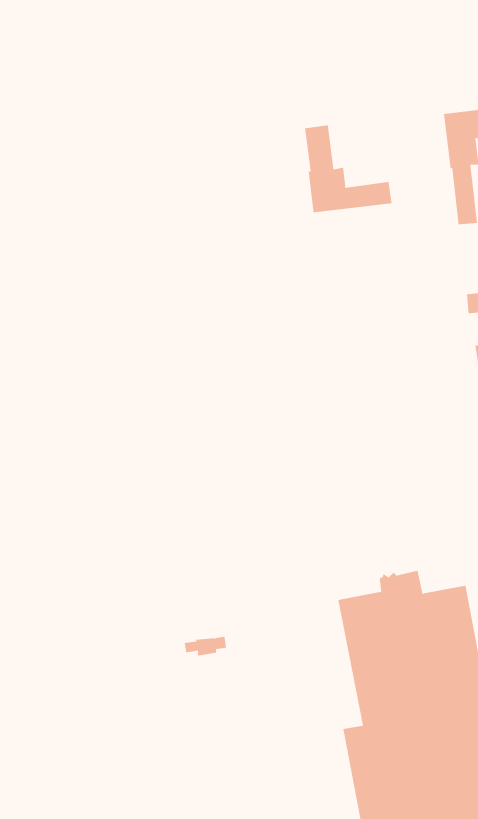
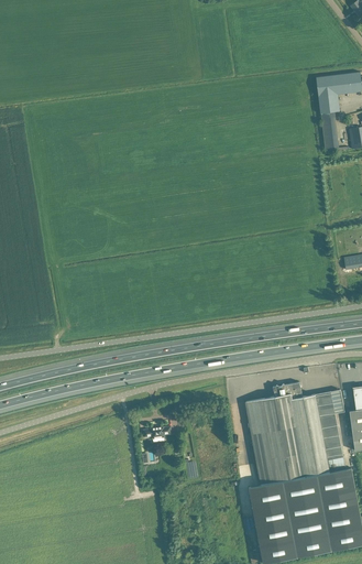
building: [305,124,392,213] -> none

